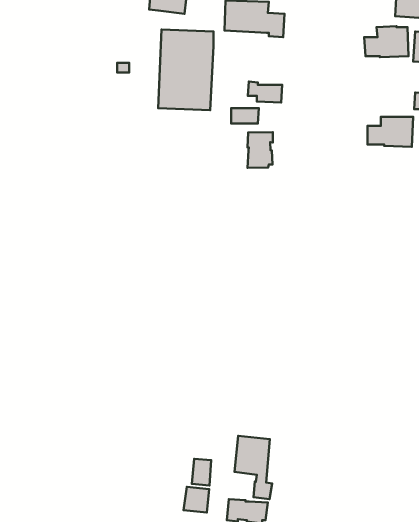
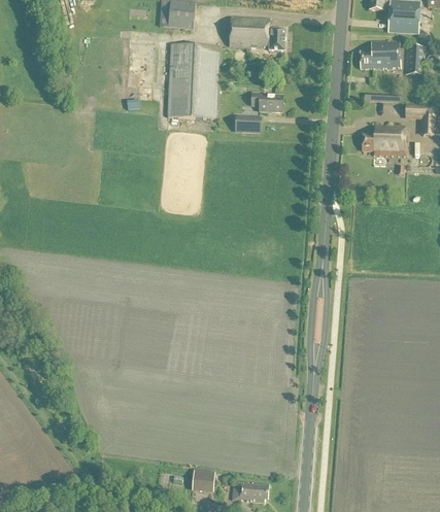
building: [248,132,273,168] -> none
building: [235,436,272,499] -> none
building: [192,459,211,486] -> none

